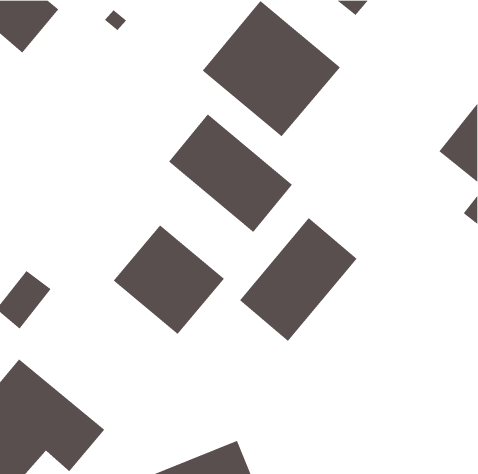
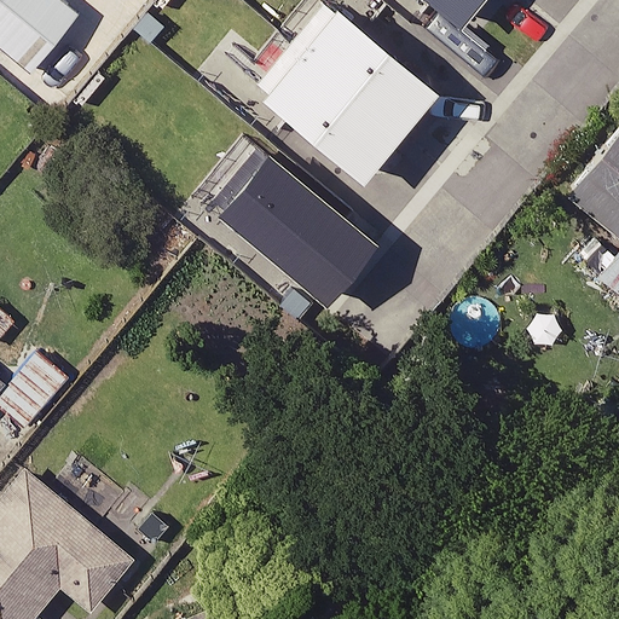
building: [239,217,358,342] -> none
building: [113,225,225,335] -> none

